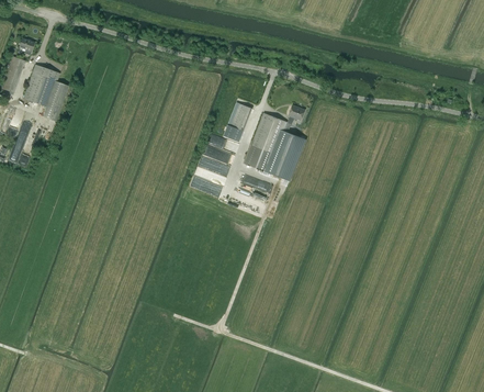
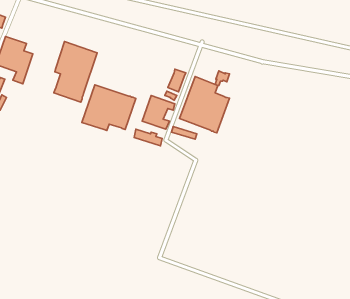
building: none -> [54,42,97,102]
building: none -> [82,85,136,131]

